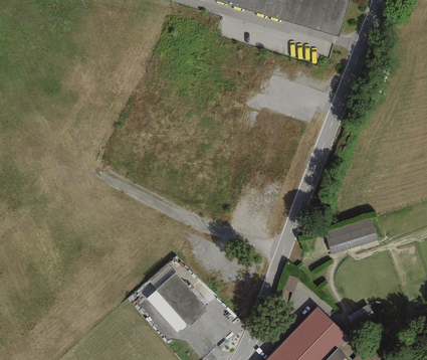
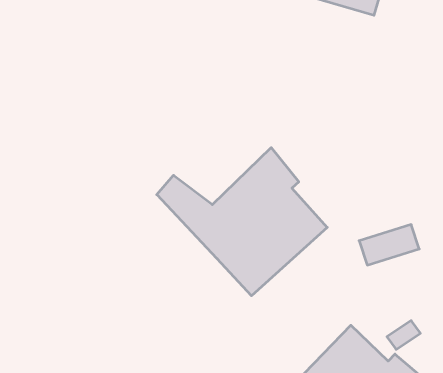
building: none -> [157,148,327,296]
building: [145,271,207,334] -> none

